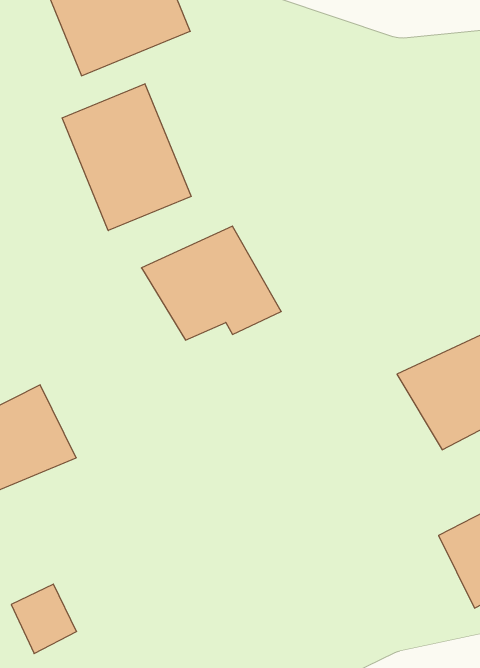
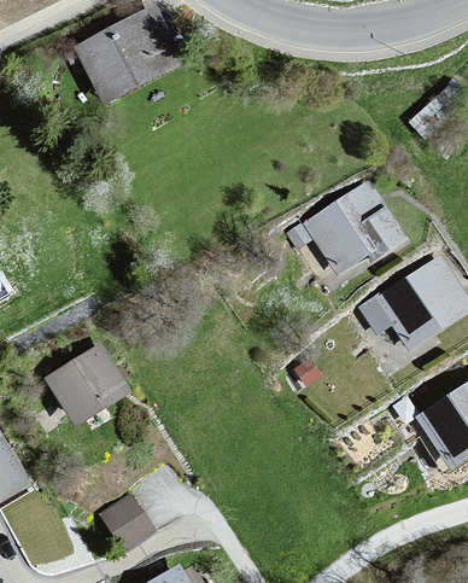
building: [62,84,191,231] -> none
building: [141,226,281,340] -> [298,181,408,272]

